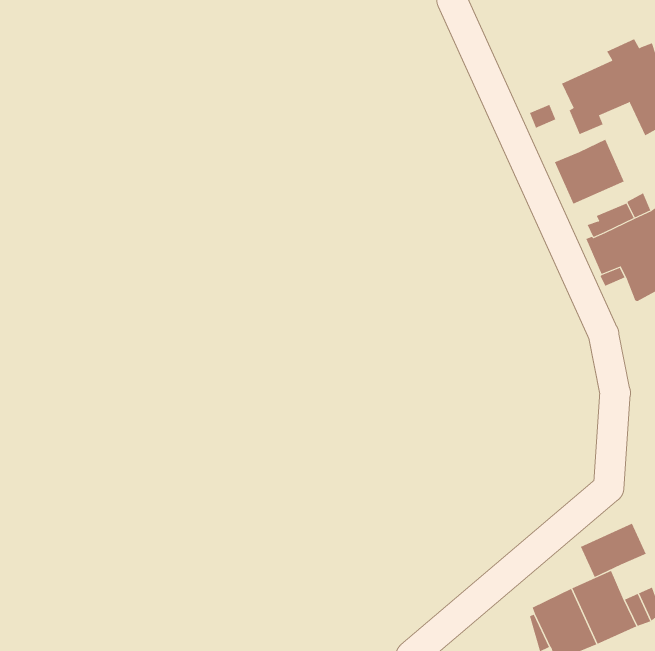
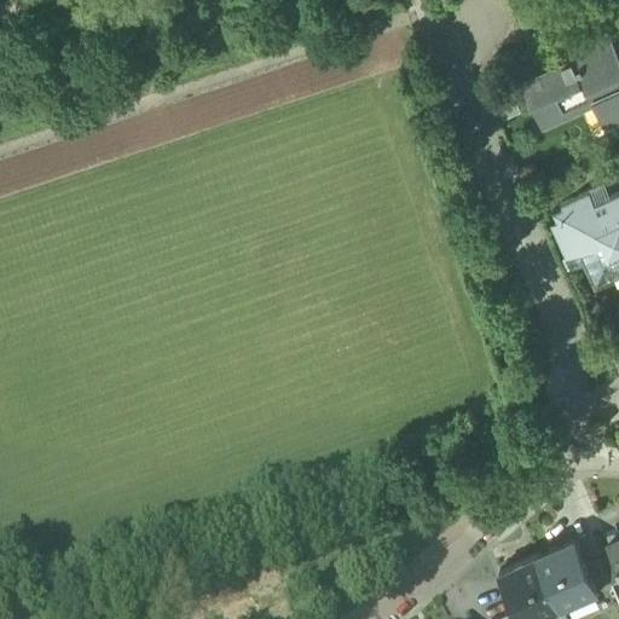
building: [554,139,625,205] -> none
building: [580,523,647,578] -> none

